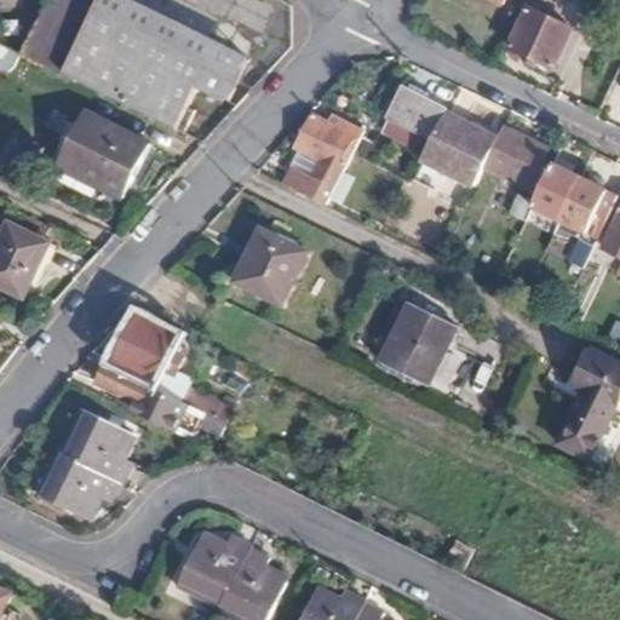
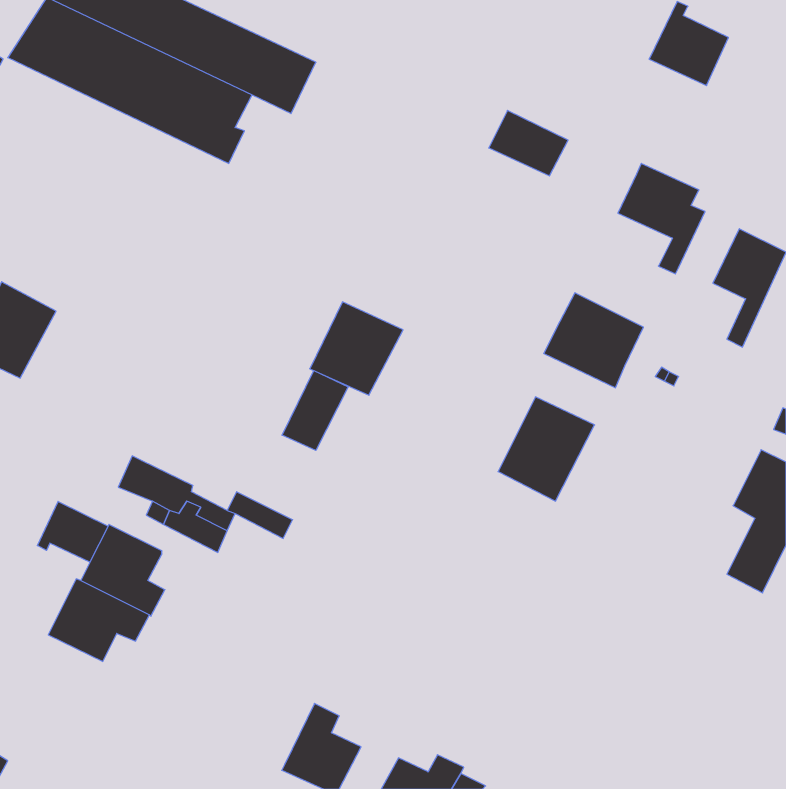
building: [418,109,495,183] -> [544,293,643,388]
building: [52,113,144,196] -> none
building: [281,114,361,203] -> none
building: [528,165,575,220] -> none
building: none -> [282,371,348,450]
building: [110,312,173,378] -> none
building: none -> [37,501,108,562]
building: [178,532,247,595] -> none

